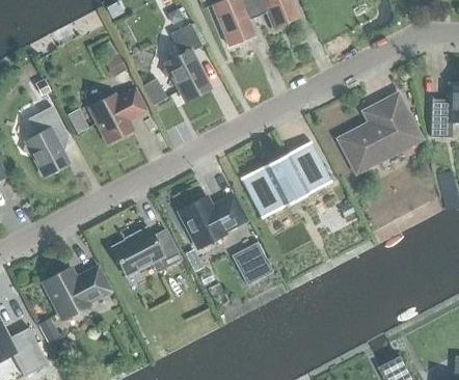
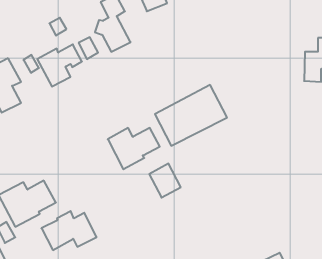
building: [341,96,419,170] -> none
building: [111,225,182,275] -> [41,211,97,250]

